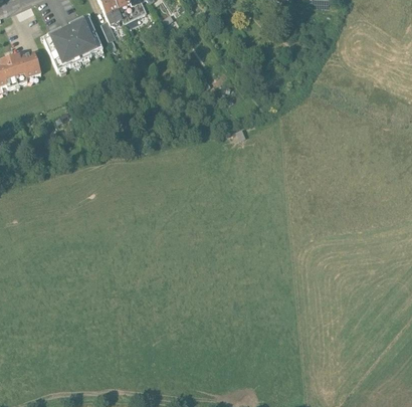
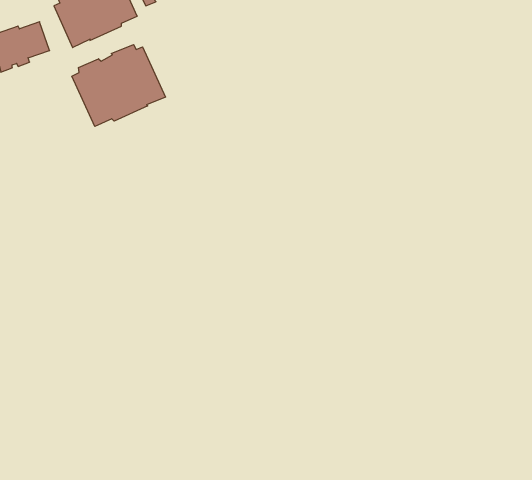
building: none -> [72,45,165,126]

